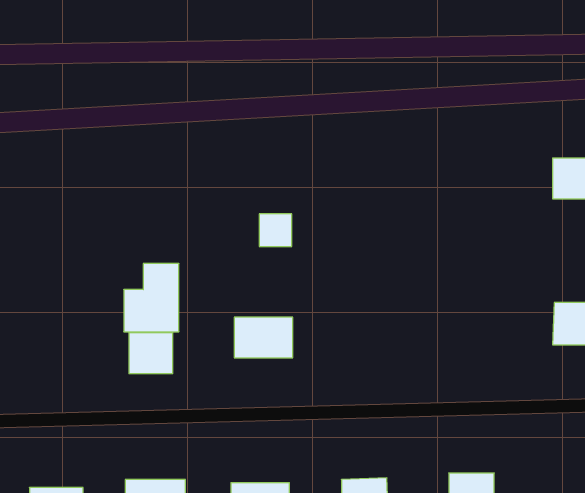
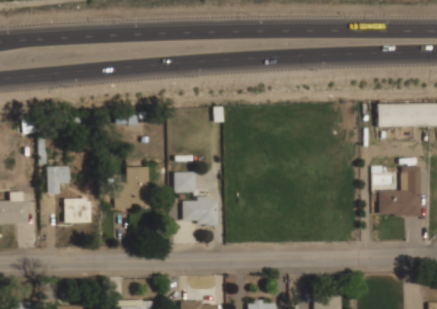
building: [259,214,292,246] -> [174,172,194,192]
building: none -> [47,166,70,193]
building: [129,333,173,374] -> [64,198,91,223]

